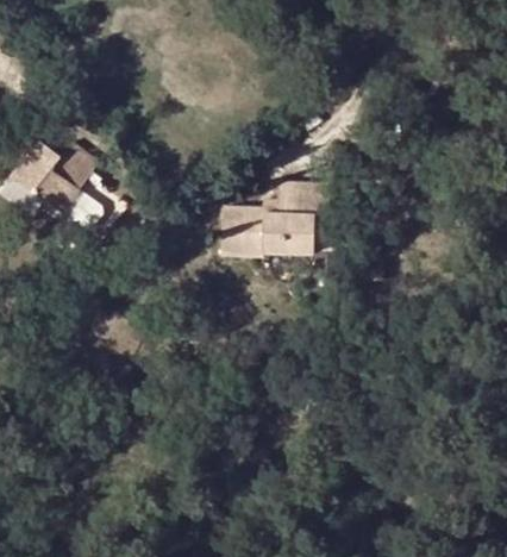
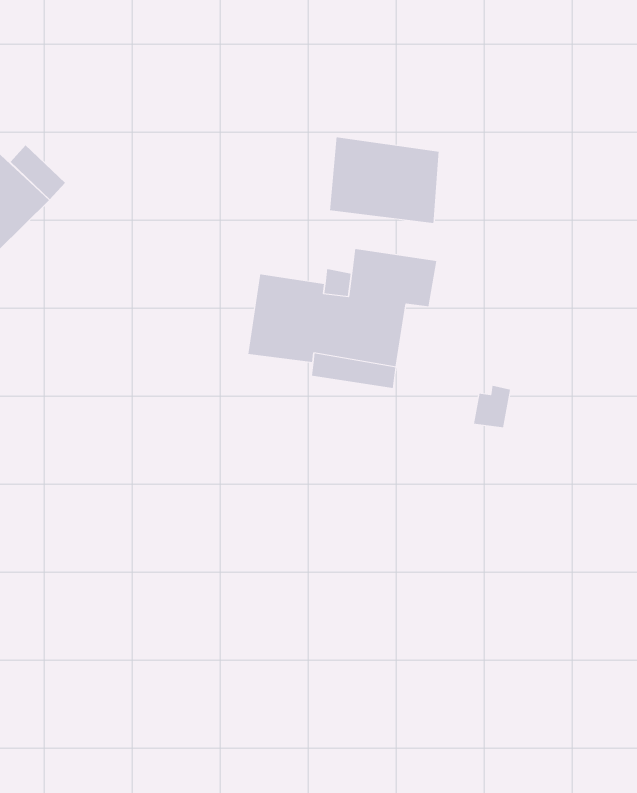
building: none -> [329,136,439,224]

